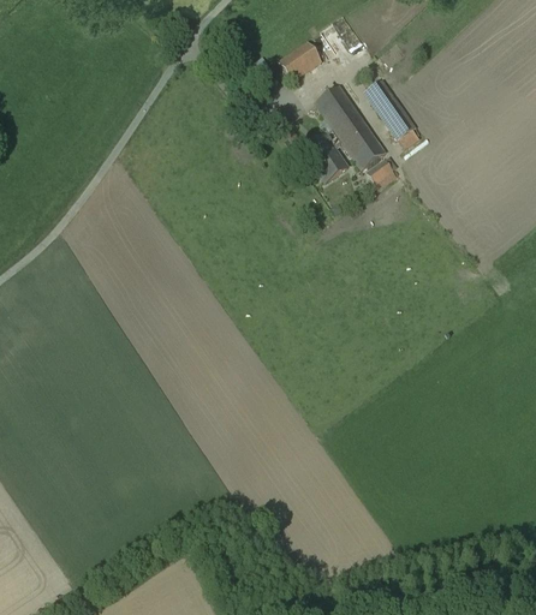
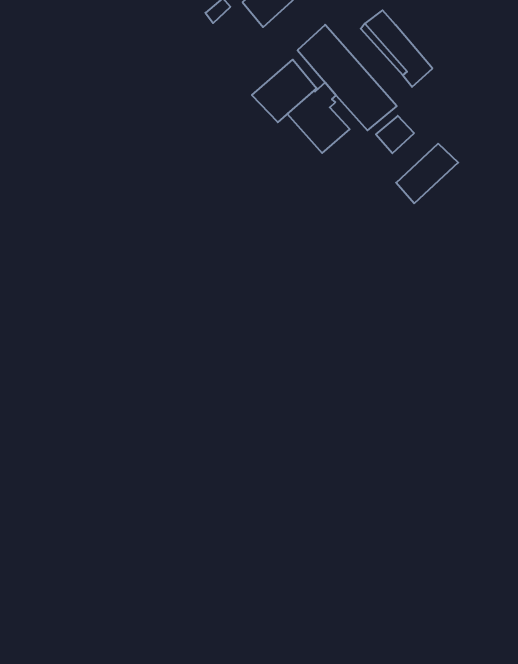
building: none -> [252,60,317,122]
building: none -> [396,144,458,203]

